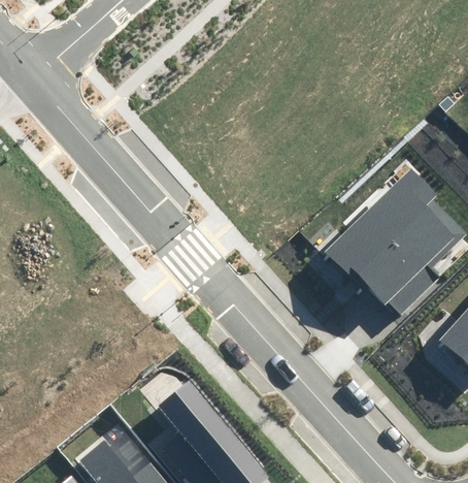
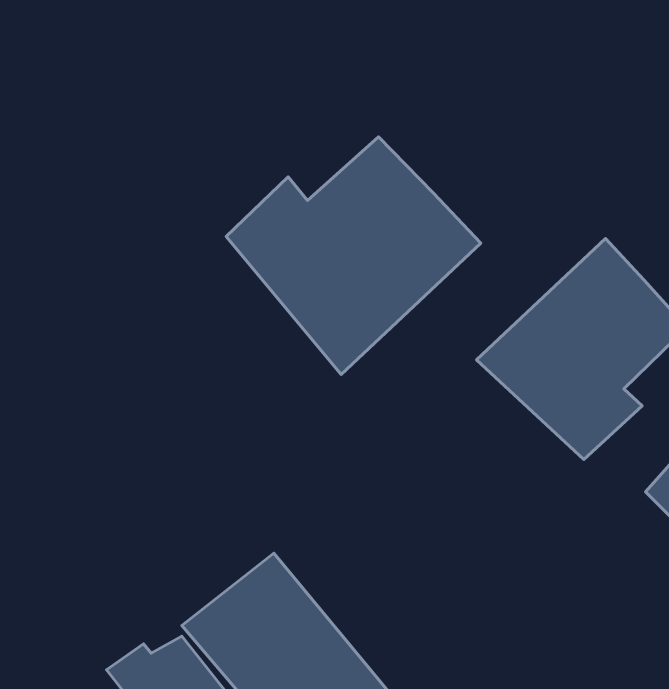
building: none -> [226,137,481,375]

